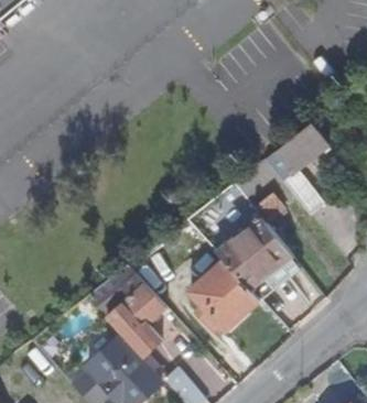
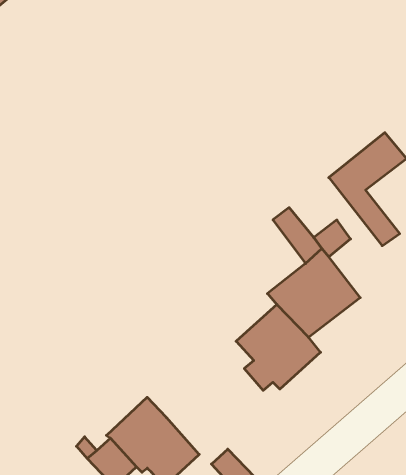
building: [88,265,166,357] -> none

